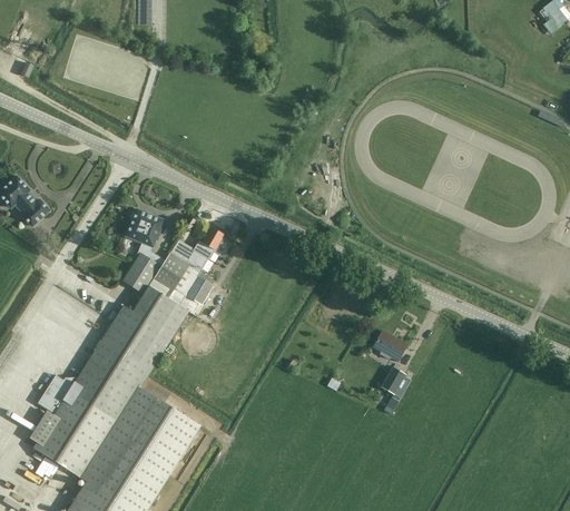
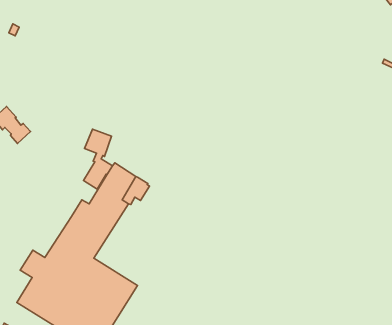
building: [167,227,232,275] -> none
building: [374,332,406,362] -> none
building: [381,367,411,402] -> none

